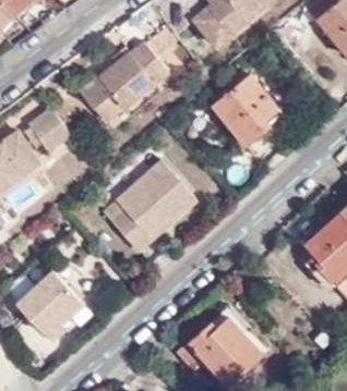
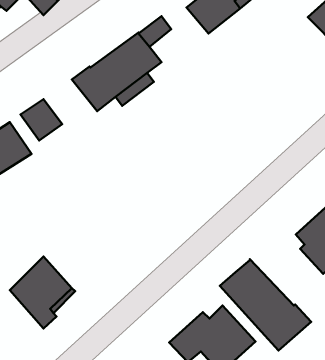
building: [210,76,275,146] -> none
building: [110,157,196,248] -> none
building: none -> [220,259,311,350]

